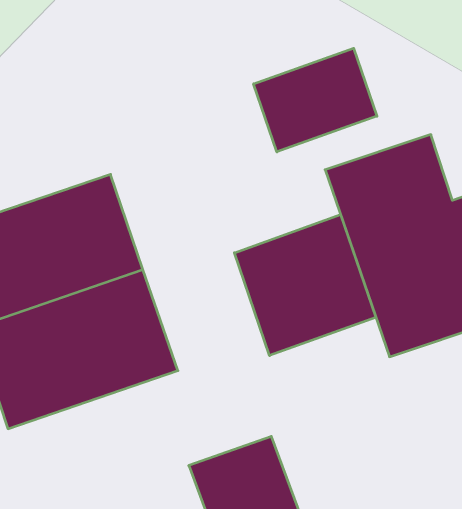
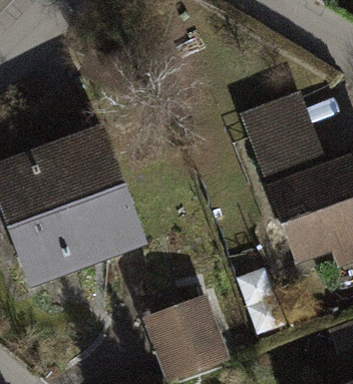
building: [254,48,377,152] -> none
building: [234,215,376,356] -> none

